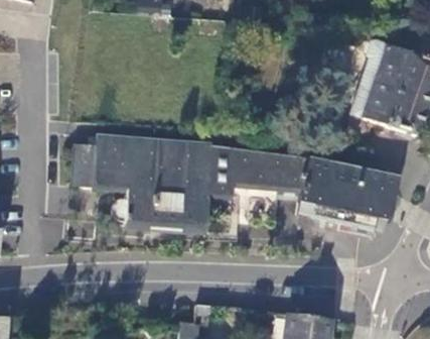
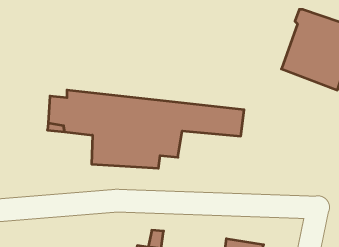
building: [299,159,398,231] -> none

